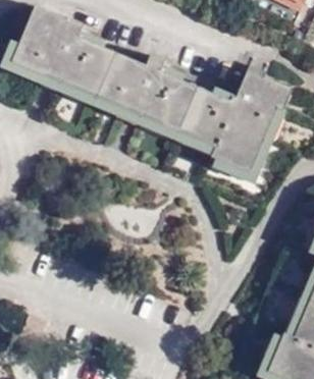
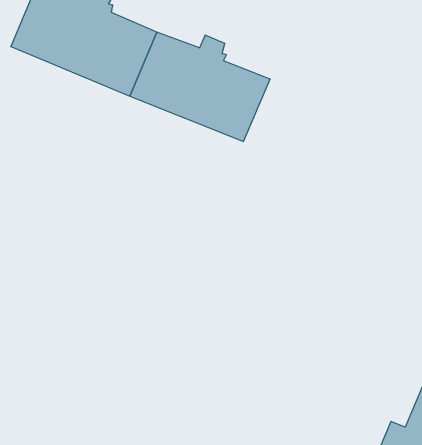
building: [177,71,292,173] -> none

